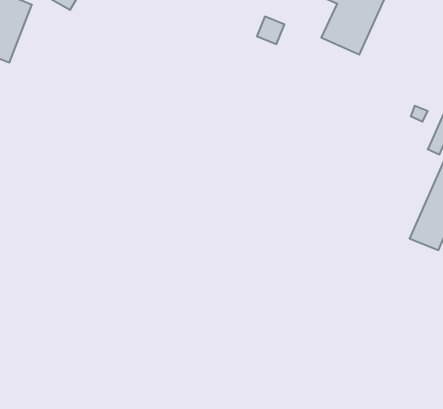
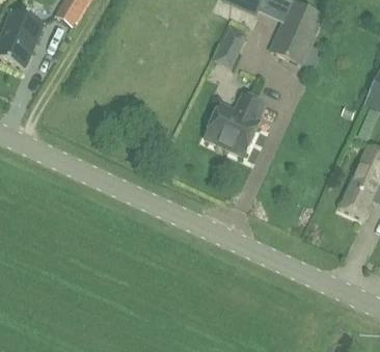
building: none -> [206,93,264,155]

